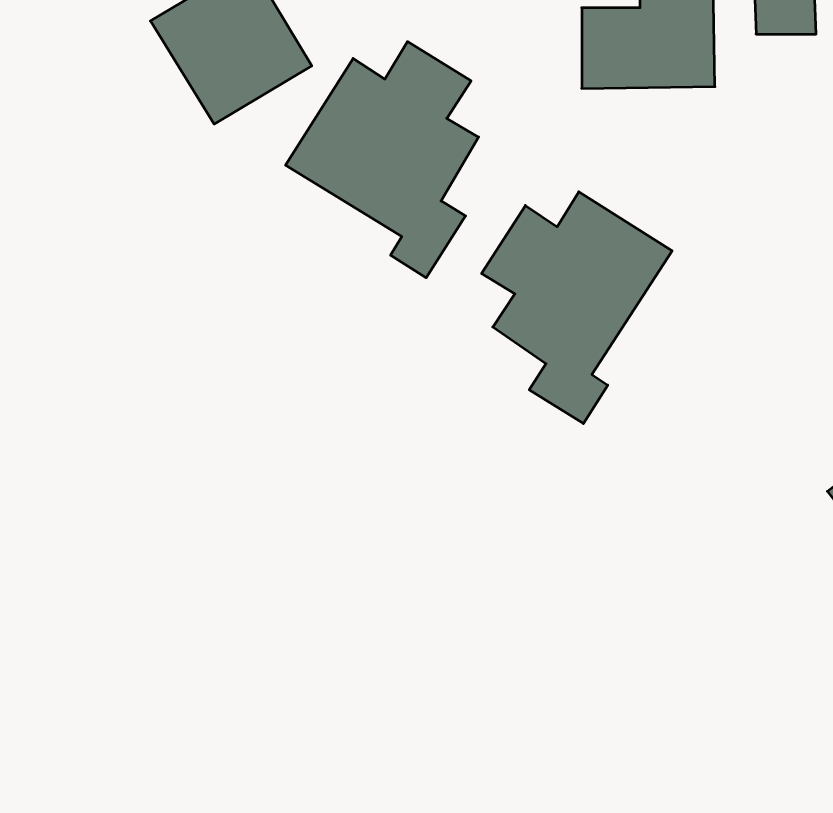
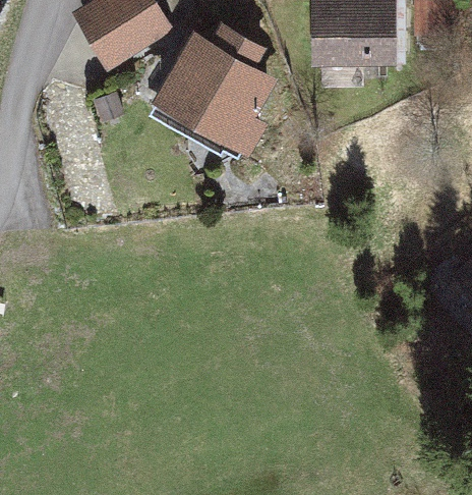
building: [482,192,672,424] -> none

